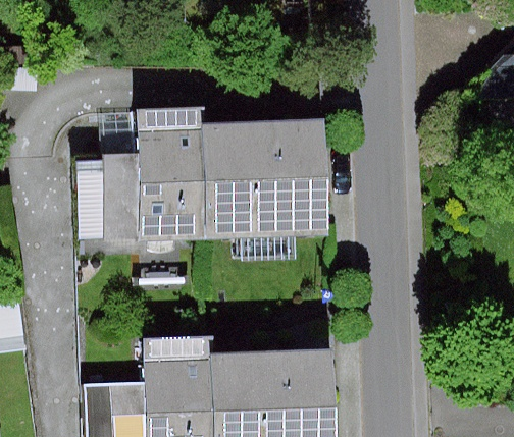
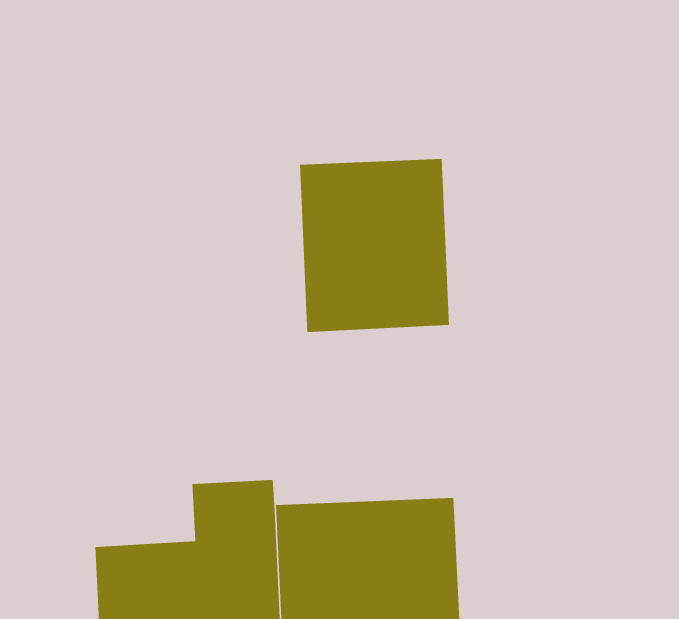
building: [109,105,228,243] -> none

